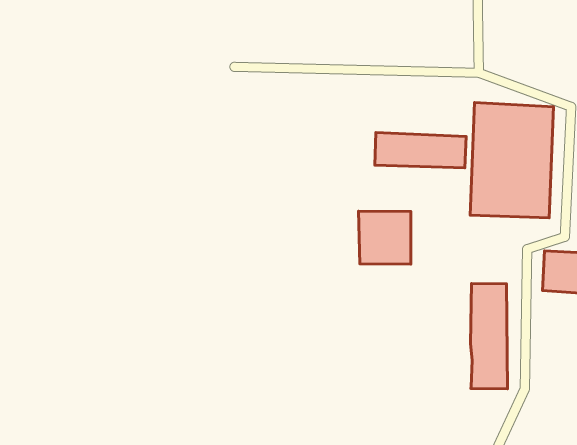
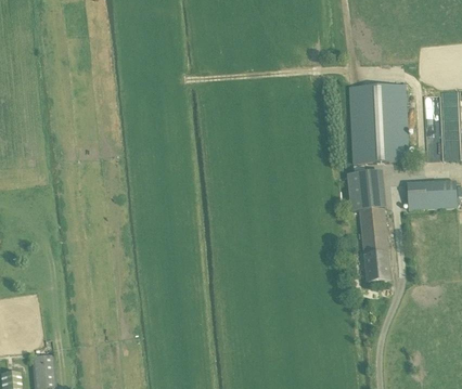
building: [375,133,466,168] -> none
building: [358,211,411,264] -> [346,169,385,208]

